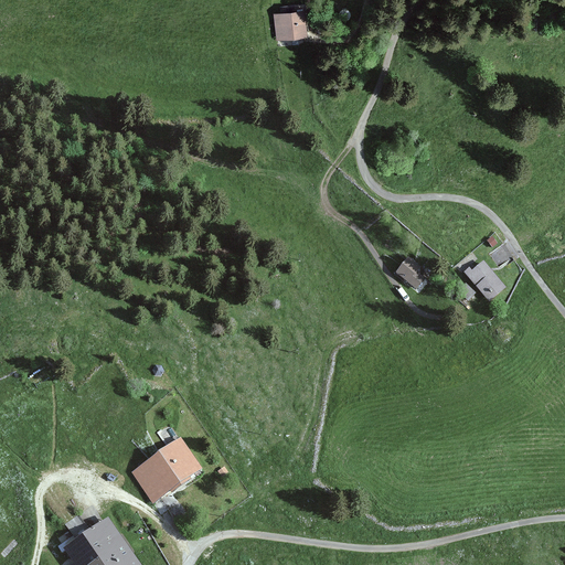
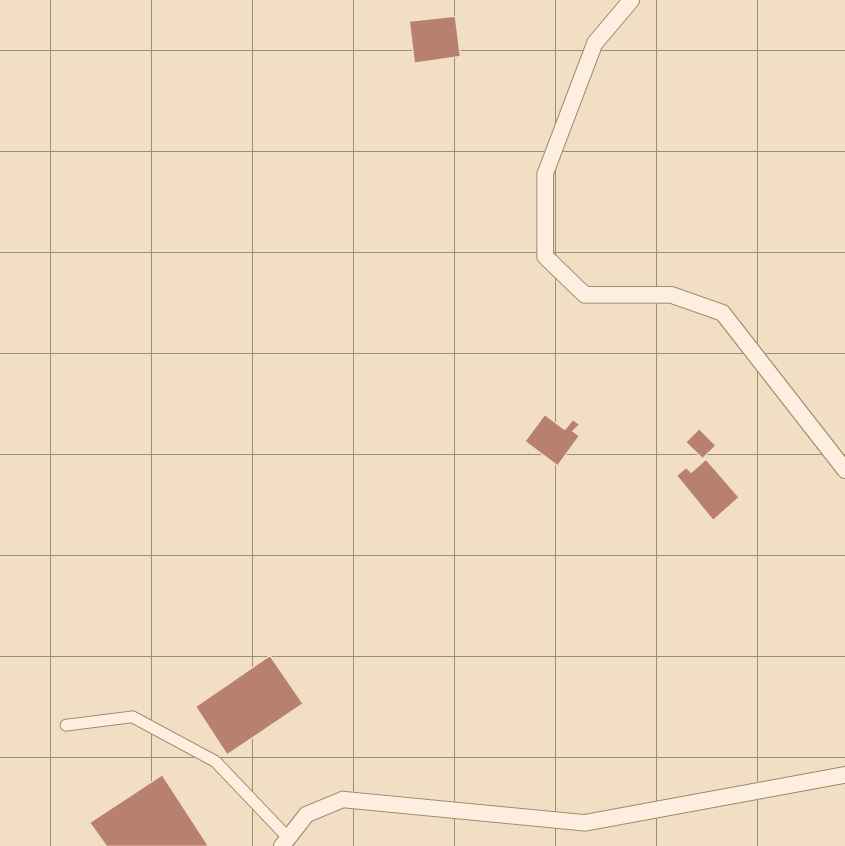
building: [394,257,430,291] -> [525,415,579,466]
building: [465,263,507,303] -> [676,459,739,520]

